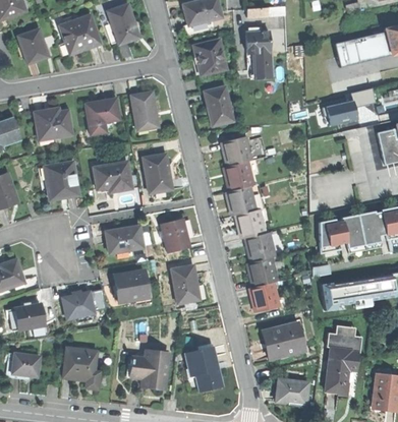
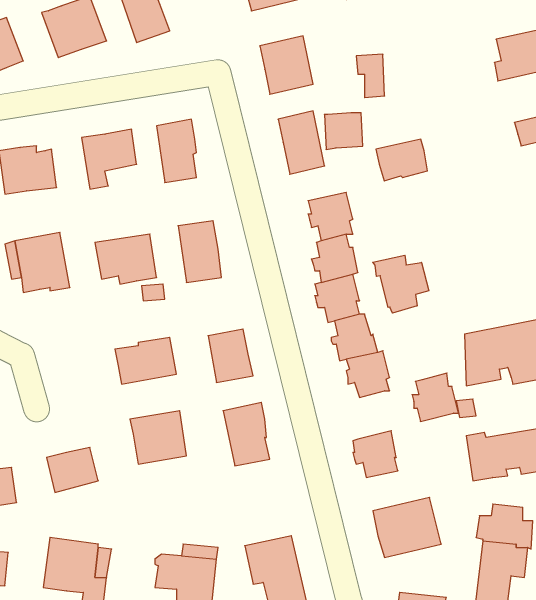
building: [245,31,269,53] -> [324,113,363,149]
building: [324,100,355,125] -> [376,139,427,181]
building: none -> [373,255,429,313]
building: [248,256,277,286] -> [412,373,459,421]

